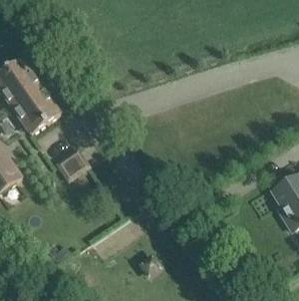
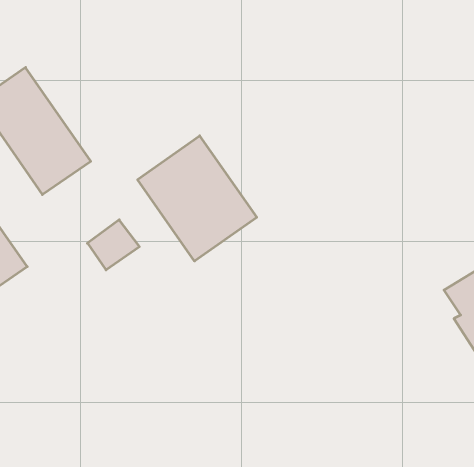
building: none -> [138,136,257,261]

